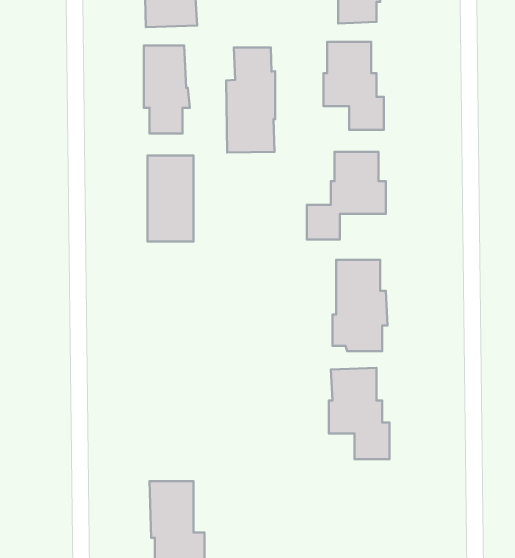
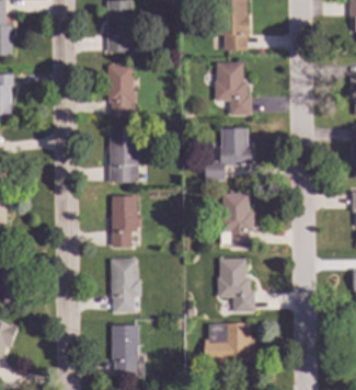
building: [226,47,275,152] -> none
building: none -> [112,195,139,245]
building: none -> [110,256,141,311]
building: none -> [205,323,254,362]

